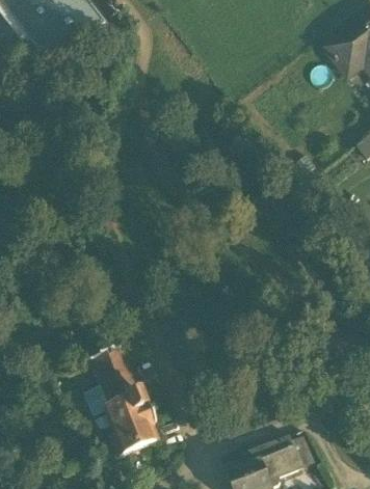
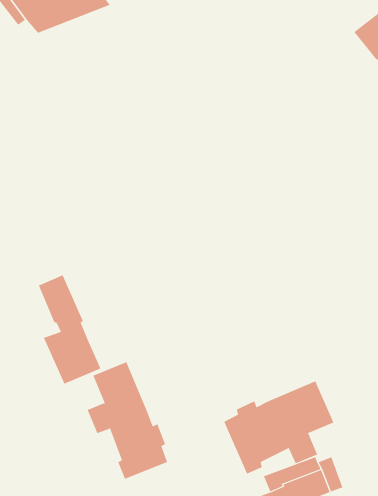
building: none -> [38,274,101,385]
building: none -> [223,381,334,475]

